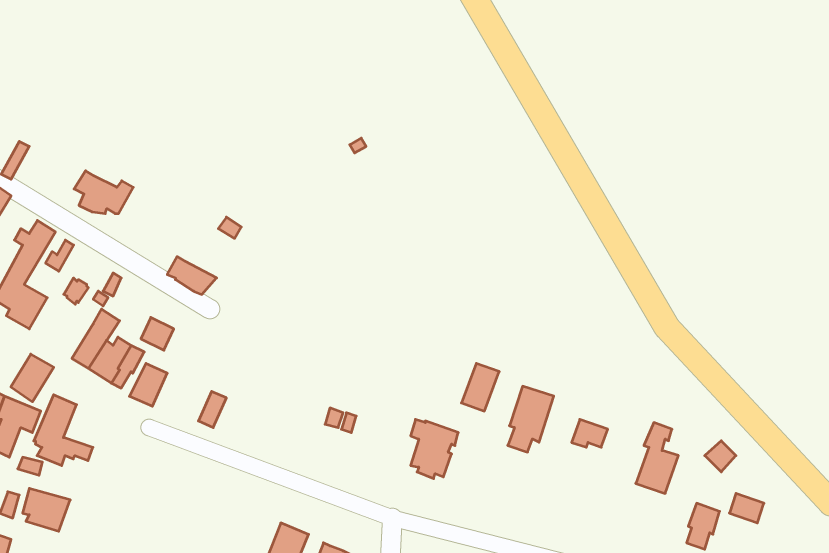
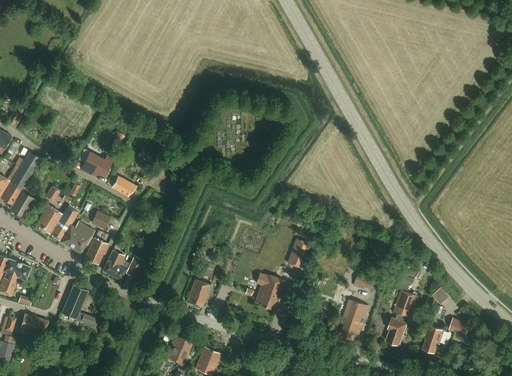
building: [74,171,133,214] -> [78,149,114,175]
building: [11,354,54,402] -> [36,206,62,235]
building: none -> [102,250,125,279]
building: [508,386,554,452] -> [339,299,367,339]
building: [34,395,93,466] -> [61,286,97,329]
building: none -> [185,278,210,307]
building: none -> [385,313,406,344]

